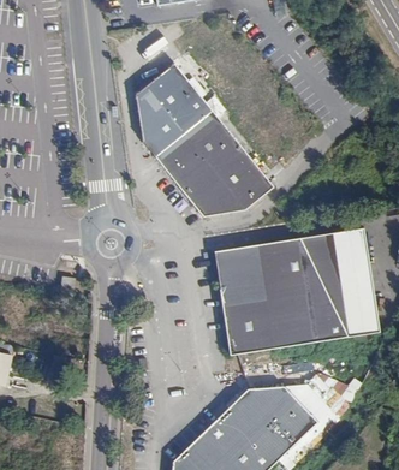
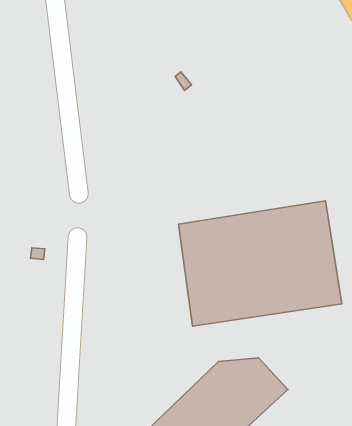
building: [135,63,272,214] -> none

